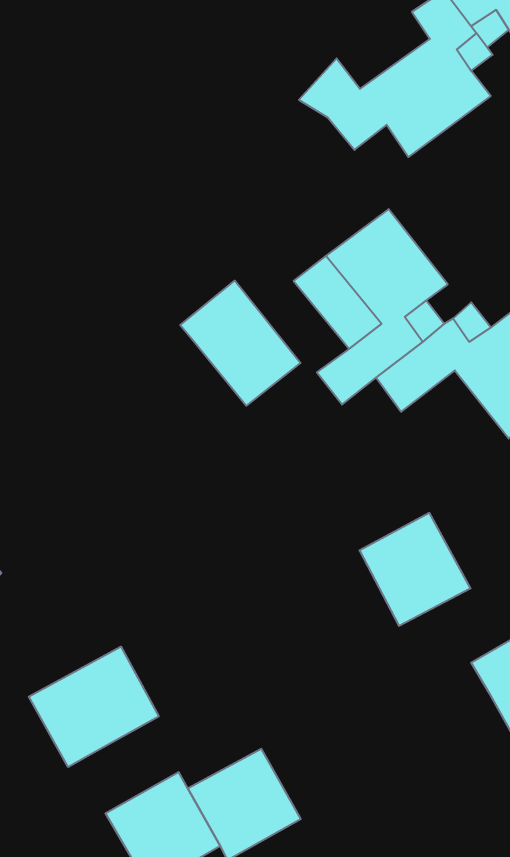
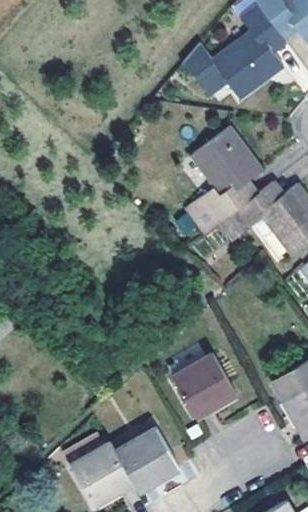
building: [180,281,300,406] -> none
building: [359,513,471,626] -> [174,354,236,417]
building: [29,647,159,767] -> none

